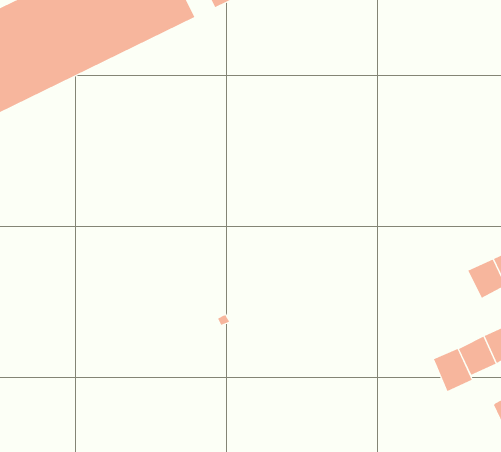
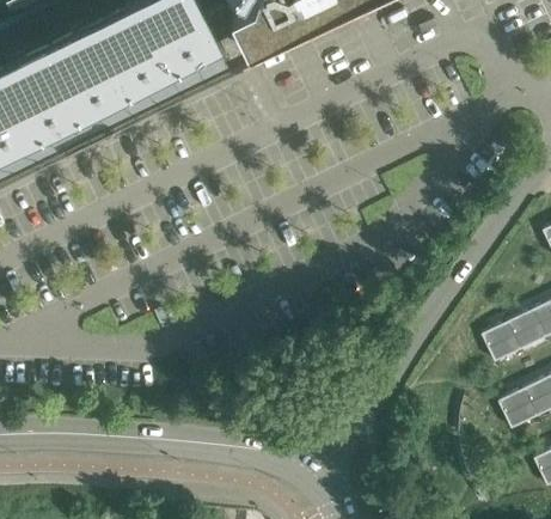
building: none -> [480,324,521,365]
building: [433,348,473,392] -> none

